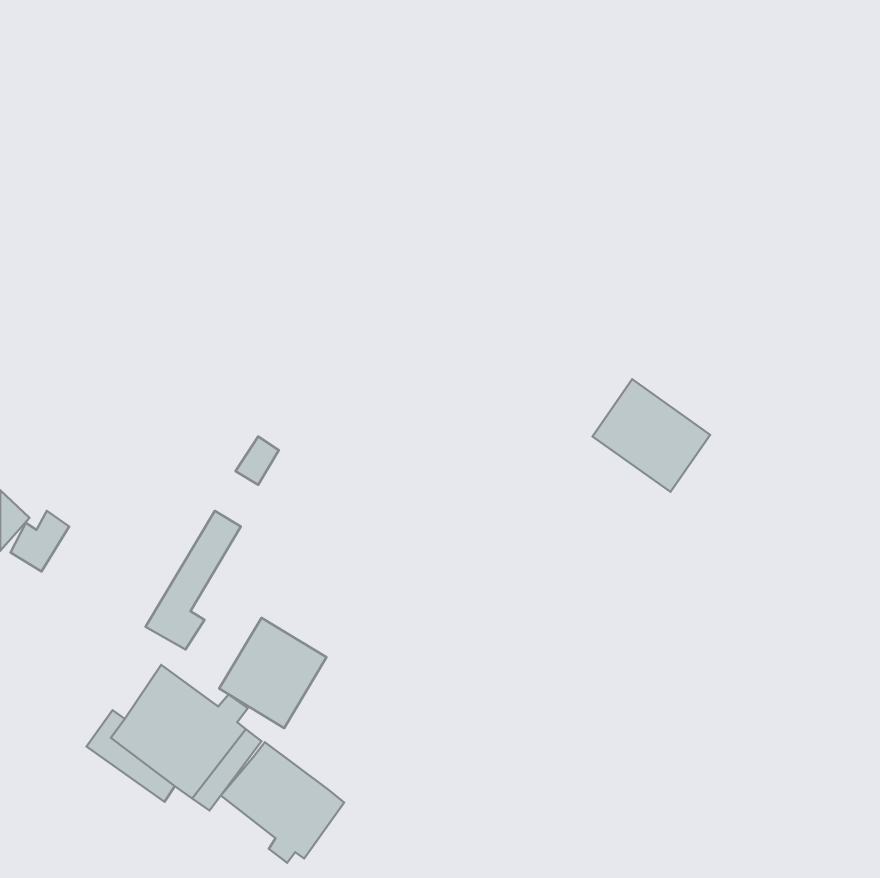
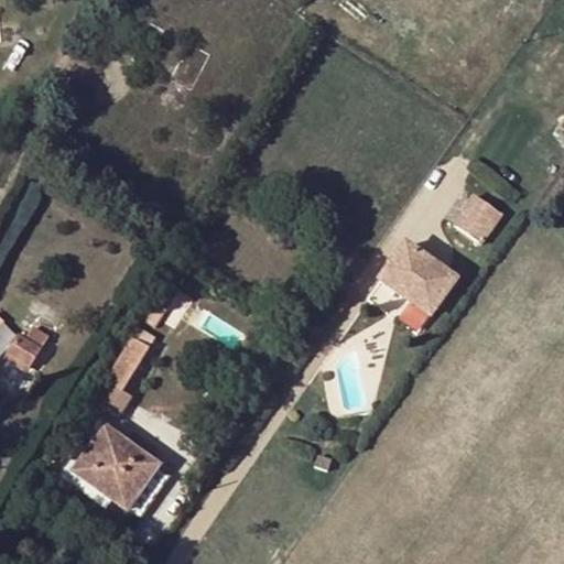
building: none -> [454,192,501,240]
building: [219,618,326,728] -> none
building: [221,742,344,863] -> none

